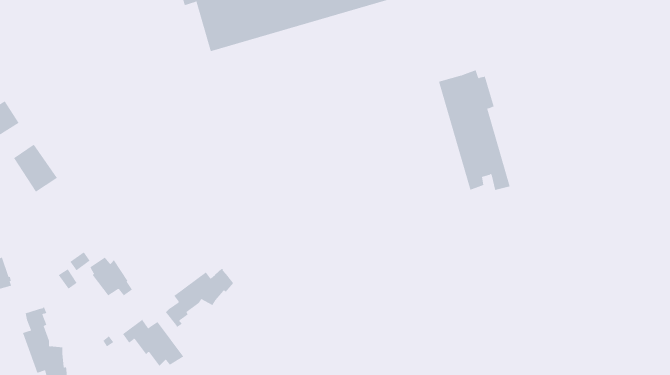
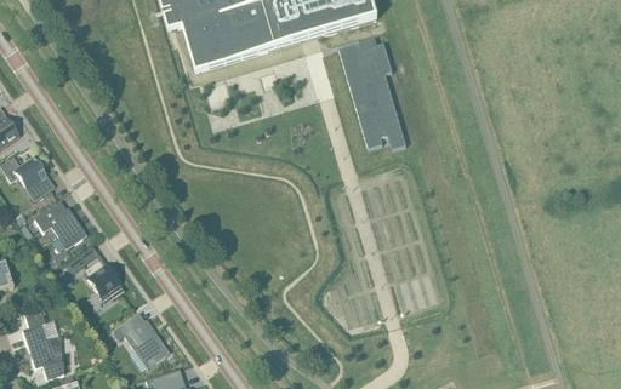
building: [438,70,510,190] -> [338,36,405,148]
building: none -> [33,204,86,247]
building: [165,268,234,328] -> none

